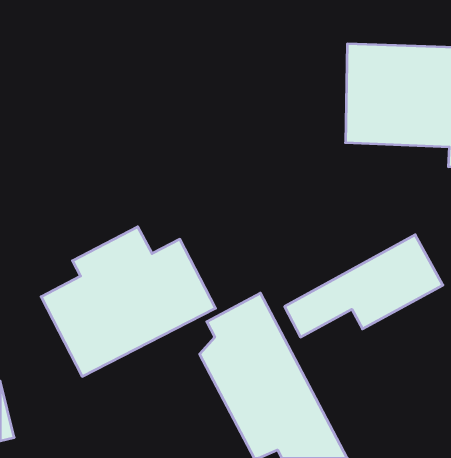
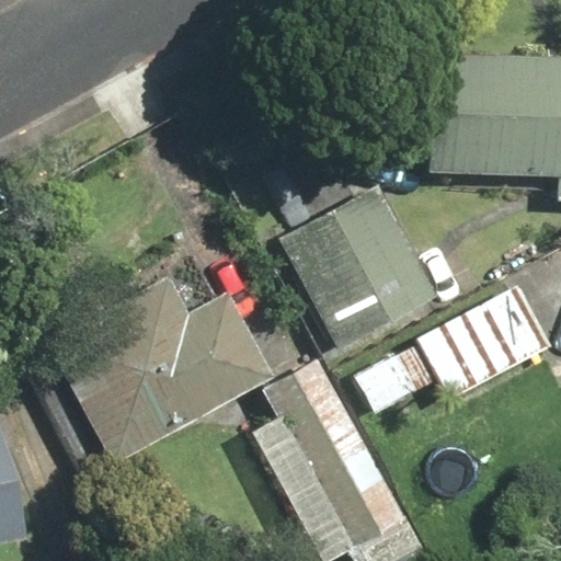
building: none -> [279,185,437,348]

